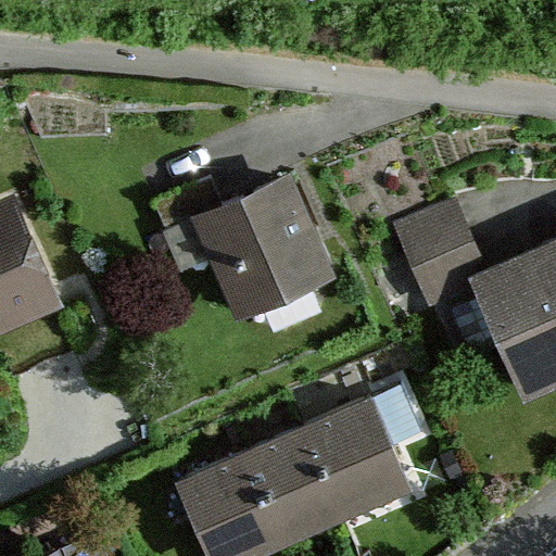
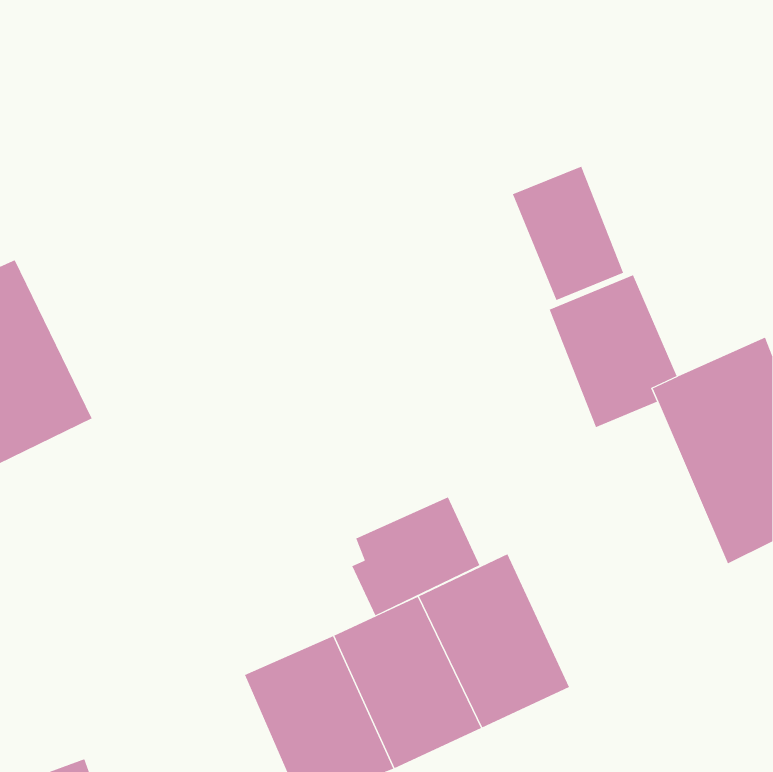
building: none -> [512,166,624,301]
building: [195,165,343,317] -> none
building: none -> [352,497,480,616]

